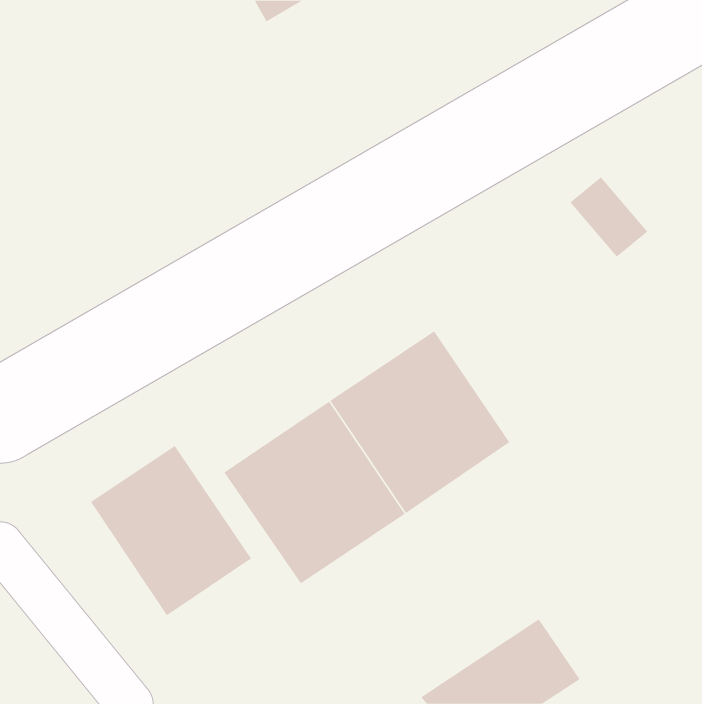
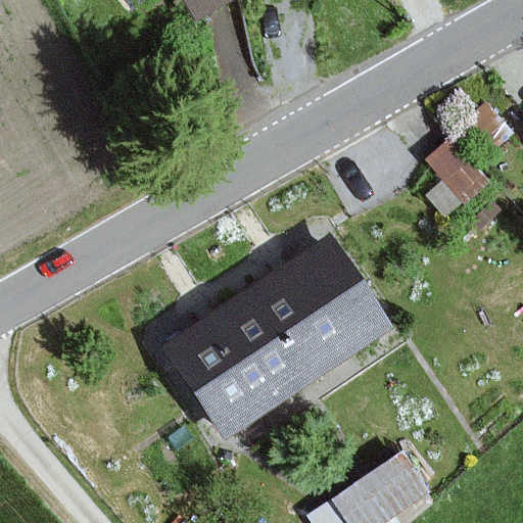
building: [90,445,252,616] -> none

